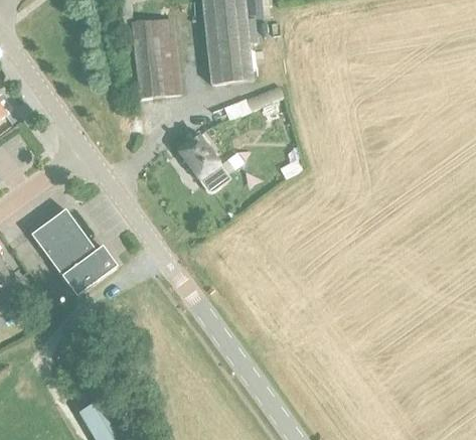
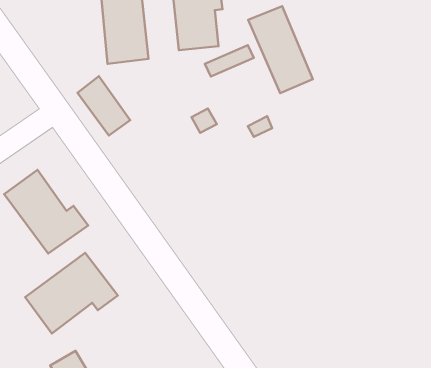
building: none -> [248,6,313,93]
building: [176,131,230,192] -> [78,76,130,136]
building: none -> [25,253,118,334]

